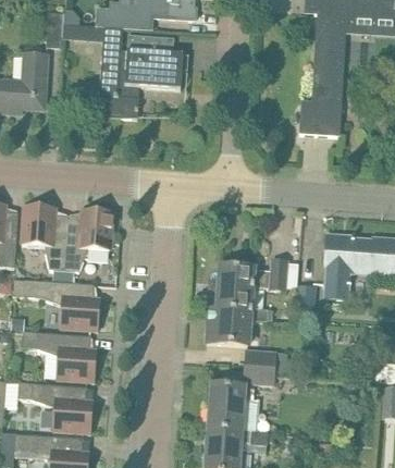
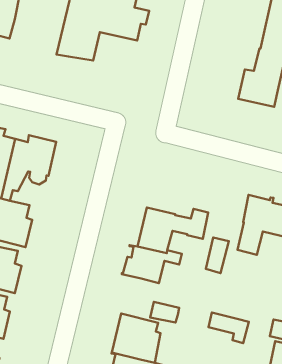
building: [245,349,287,377] -> [208,313,249,343]

